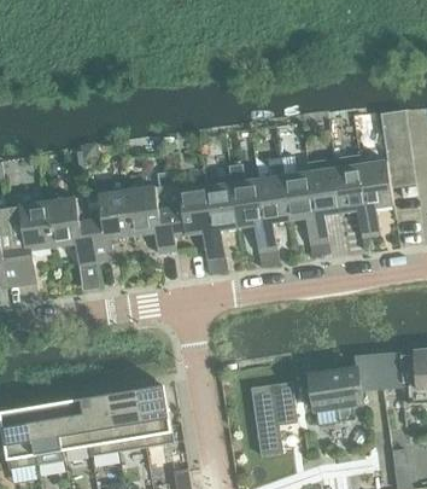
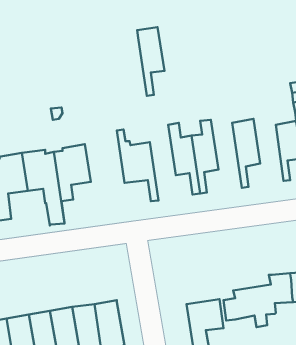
building: [334,155,372,238] -> none
building: [281,157,320,245] -> none
building: [124,173,176,254] -> none
building: [204,174,238,260] -> [137,27,164,96]

